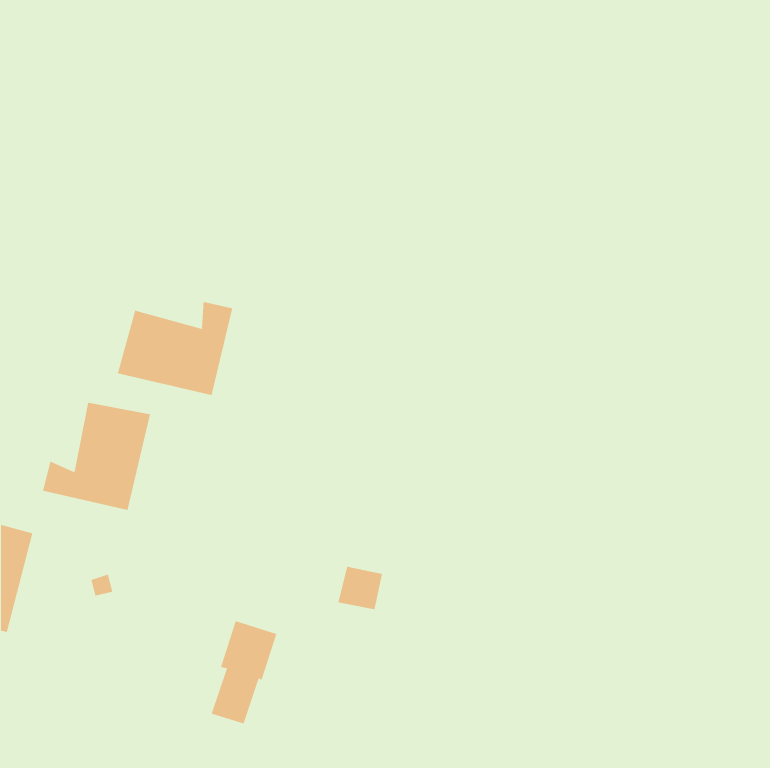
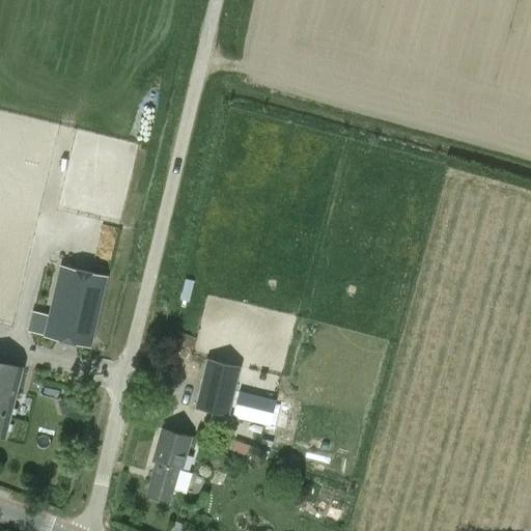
building: [117,301,233,396] -> none
building: none -> [195,359,241,415]

